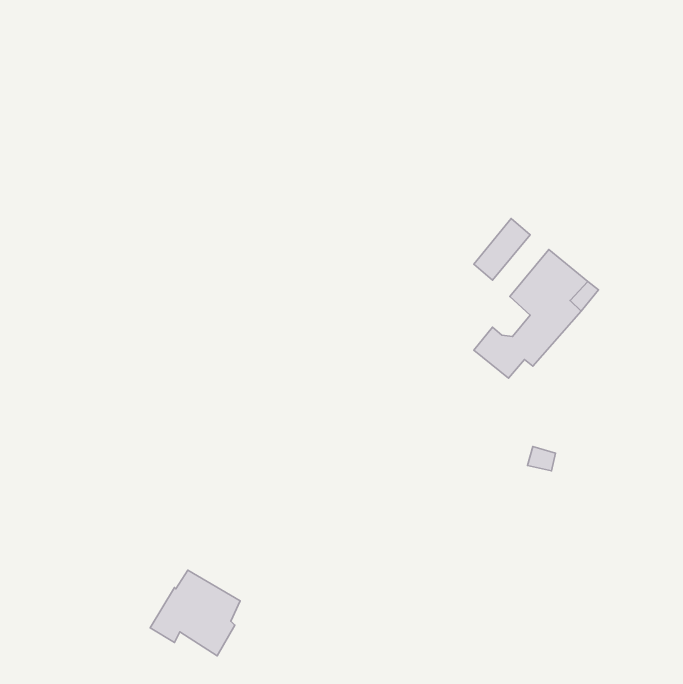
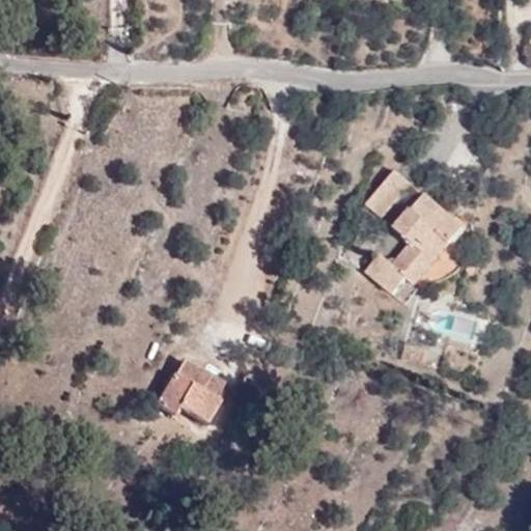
building: [150,570,240,656] -> [153,359,223,425]

